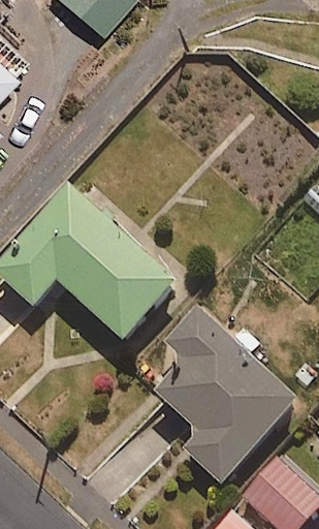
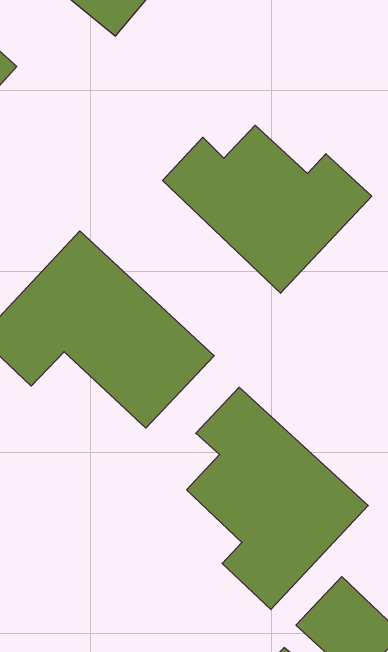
building: none -> [163,125,372,293]

